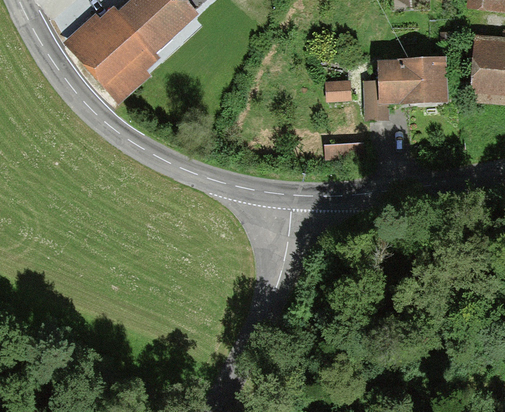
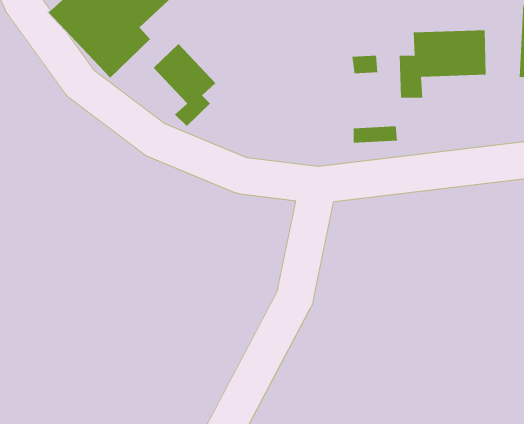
building: none -> [153,43,216,127]

